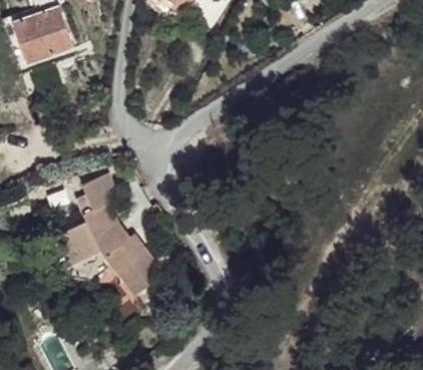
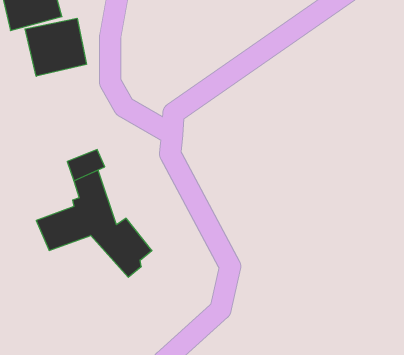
building: none -> [25,18,86,76]

